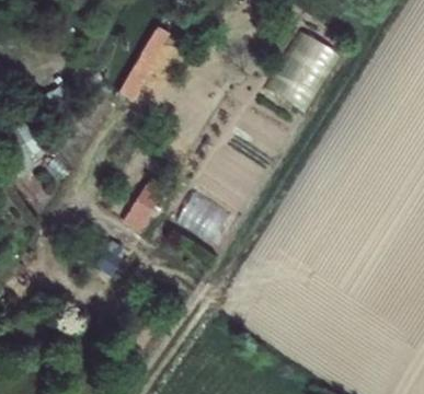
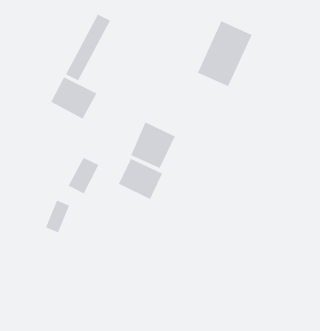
building: none -> [50,76,97,119]
building: none -> [130,122,175,169]

